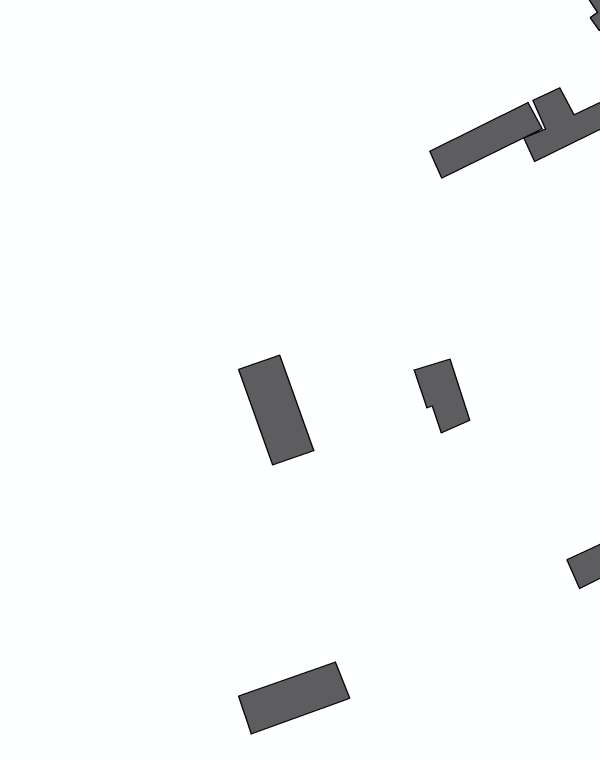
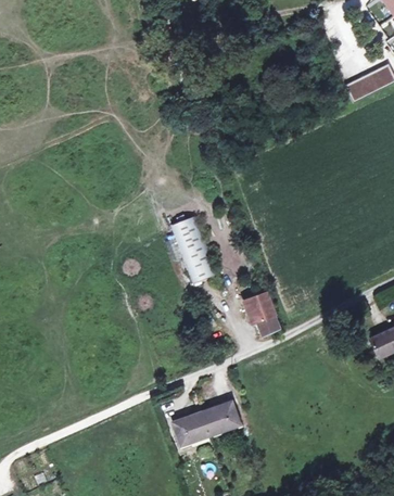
building: [430,102,542,178] -> none
building: [414,359,470,433] -> [245,292,279,336]

